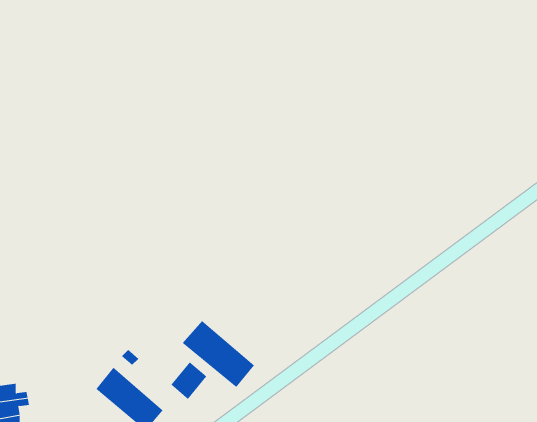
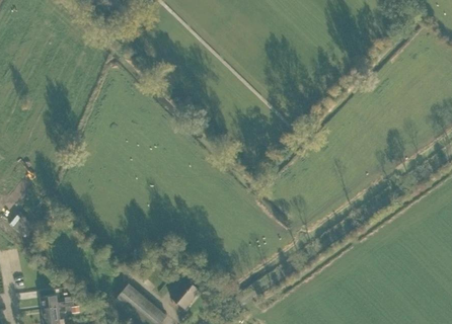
building: [182,320,255,388] -> none

